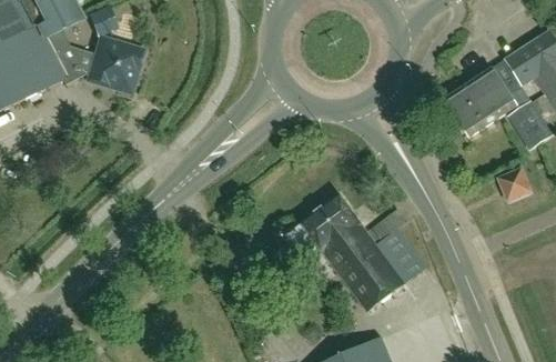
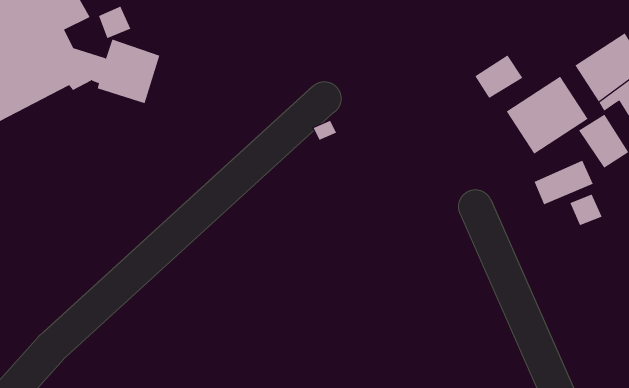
building: none -> [475,55,523,99]
building: none -> [534,160,594,205]
building: [286,192,427,310] -> none

